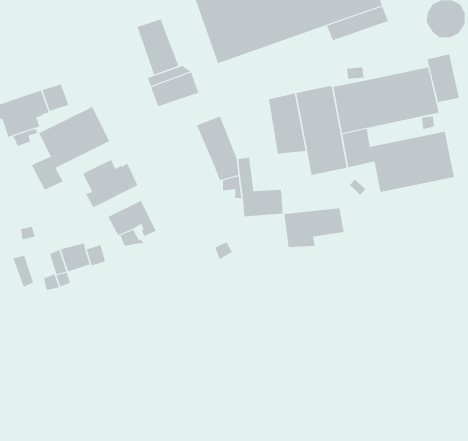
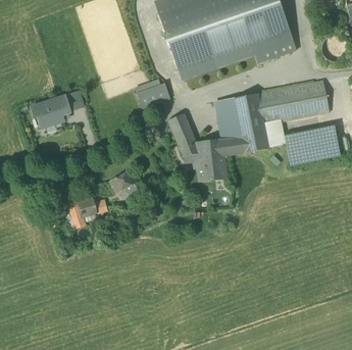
building: [137,19,179,75] -> none
building: [427,54,459,103] -> none
building: [31,106,110,191] -> none
building: [82,159,138,208] -> none
building: [283,208,345,248] -> [203,136,244,162]

